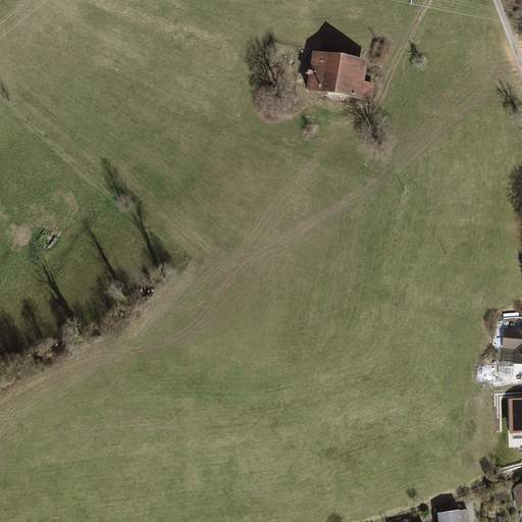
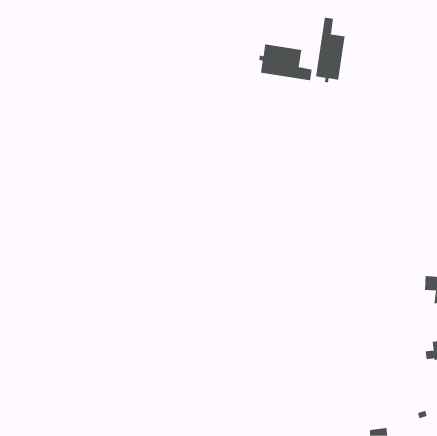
building: none -> [315,17,345,83]

